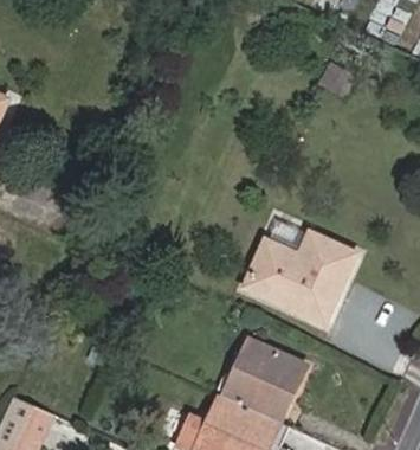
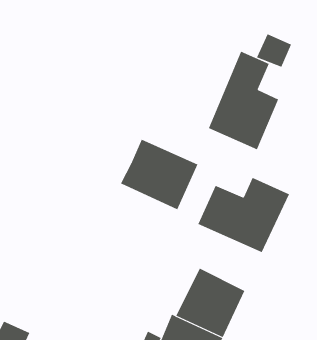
building: none -> [208,51,279,150]
building: none -> [120,139,198,210]

